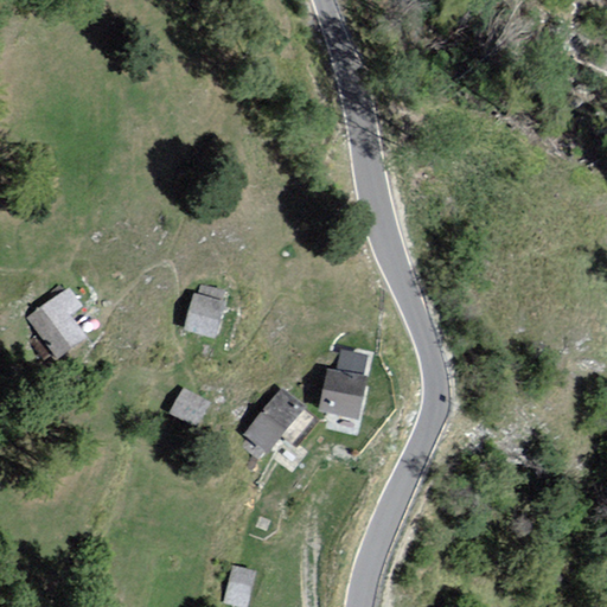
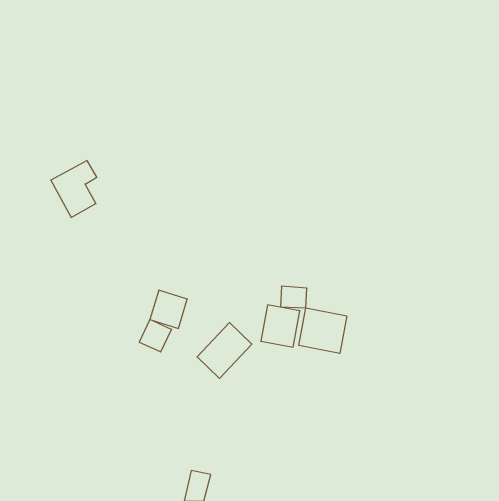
building: [26,287,82,356] -> [51,161,97,217]
building: [180,294,225,340] -> [150,290,187,328]
building: none -> [299,308,347,353]

